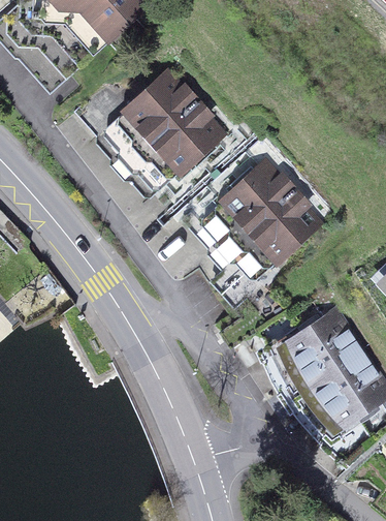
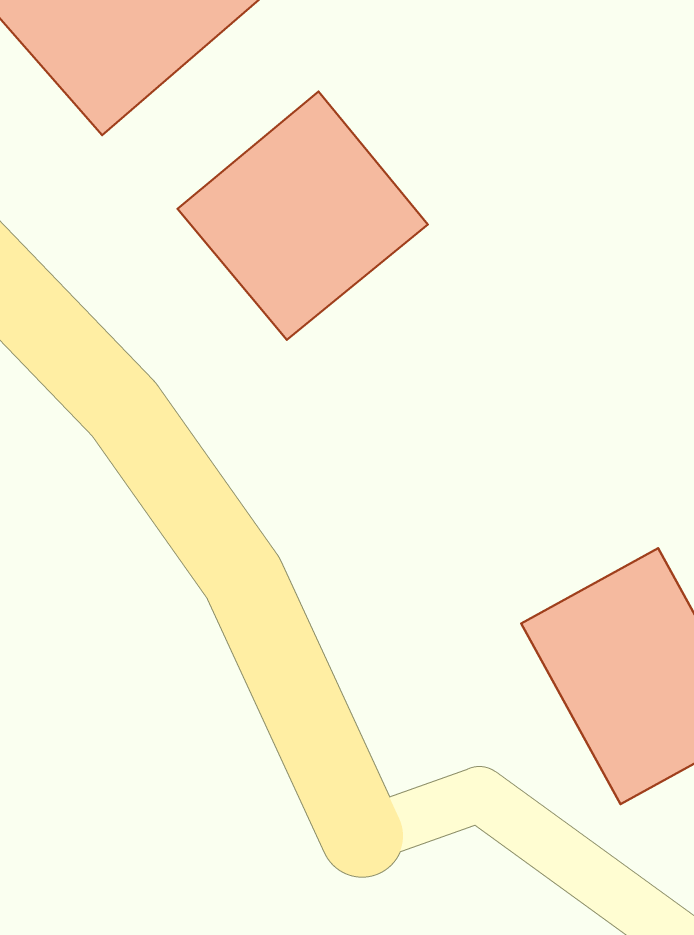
building: [201,152,326,277] -> none

